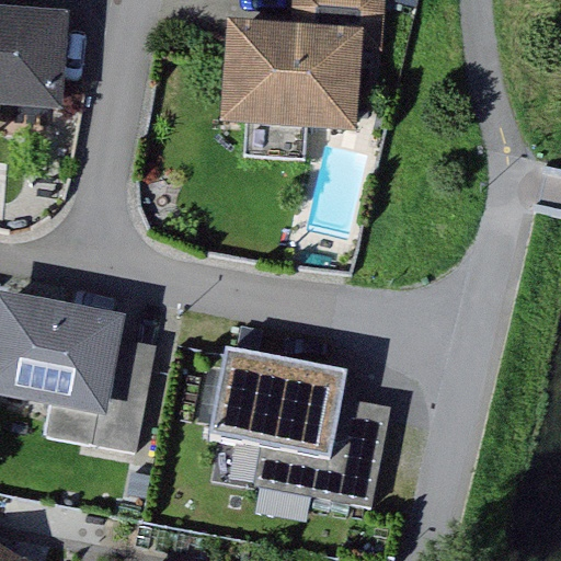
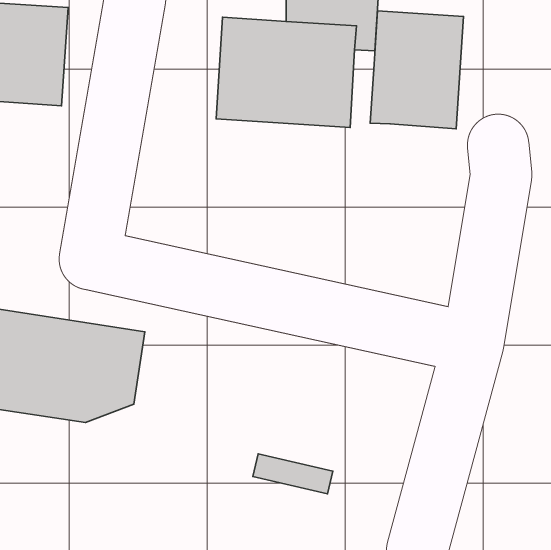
building: none -> [370,11,463,129]
building: [228,348,377,466] -> none

